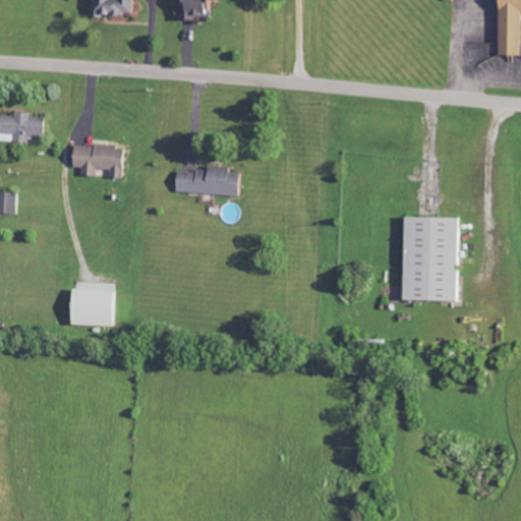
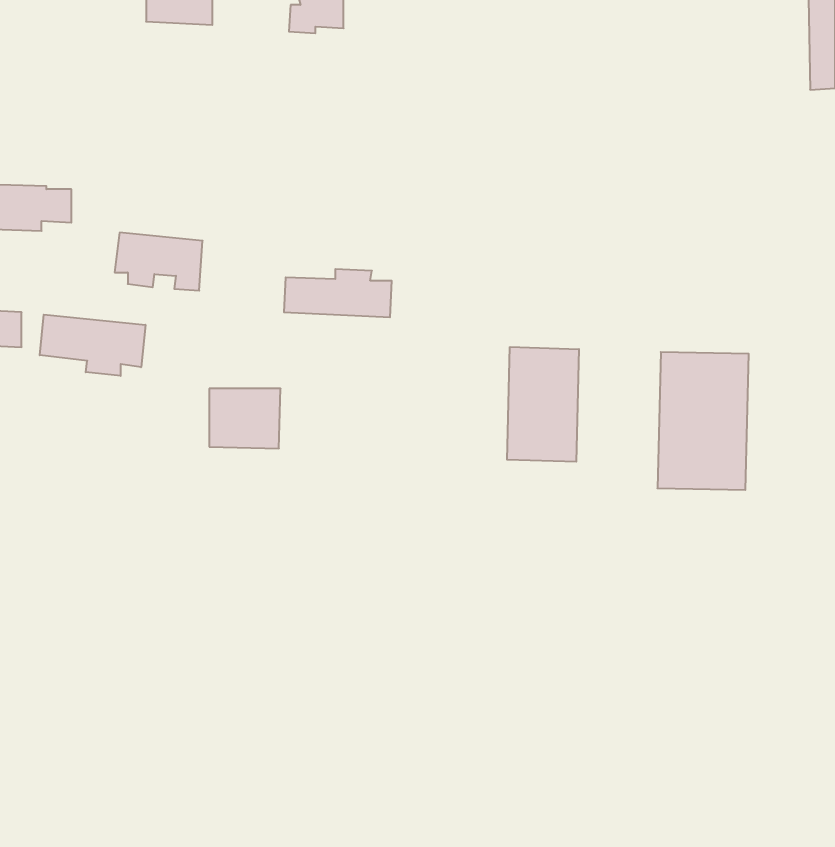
building: none -> [40,315,145,376]
building: none -> [507,347,579,462]
building: [72,289,116,326] -> [209,389,281,448]

